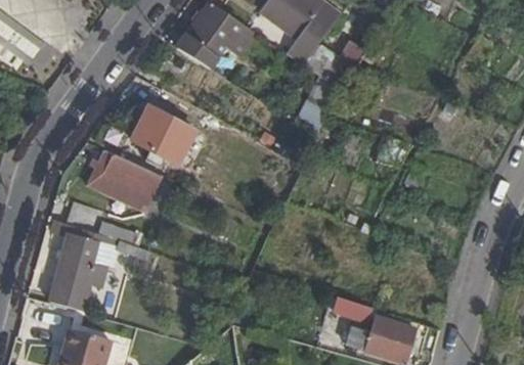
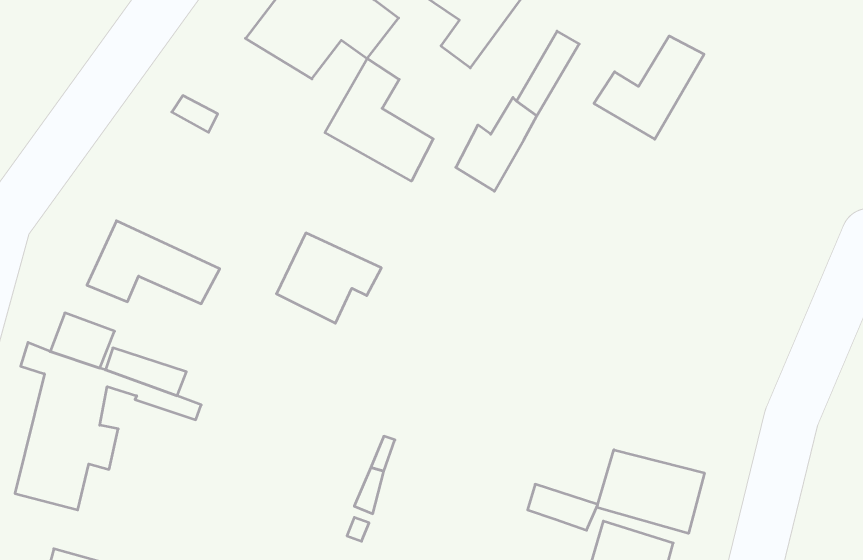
building: none -> [594,36,704,139]
building: none -> [325,59,433,181]
building: [131,108,189,158] -> [276,233,381,323]
building: none -> [597,450,704,533]

